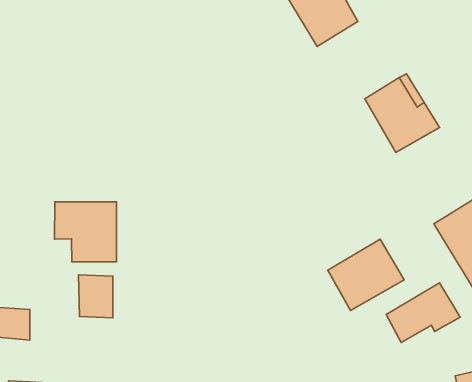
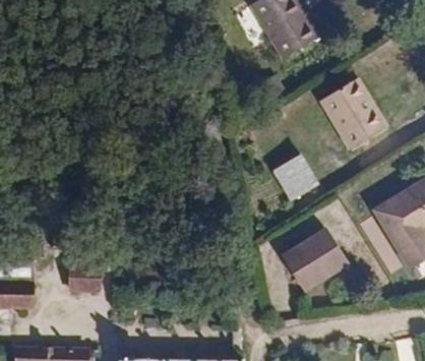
building: none -> [275,155,319,200]
building: [54,202,117,262] -> none
building: [386,283,460,343] -> none

